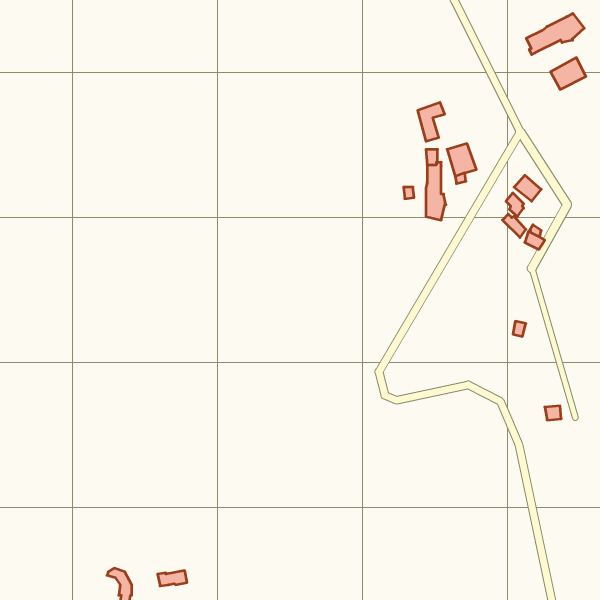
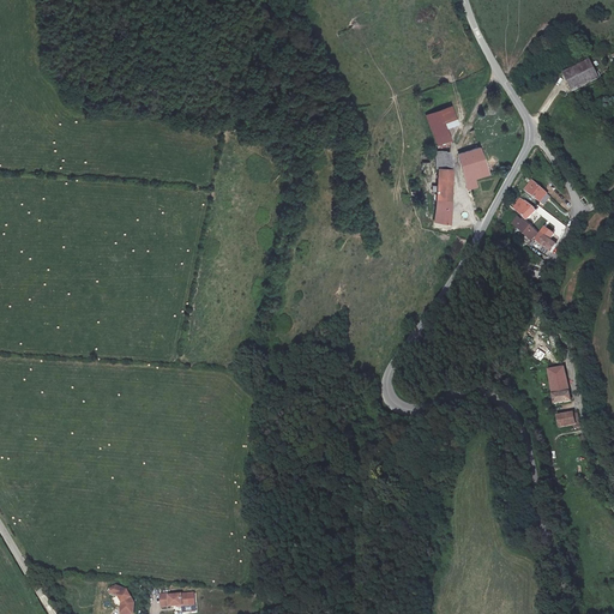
building: [526,13,584,55] -> none
building: none -> [548,365,570,404]

